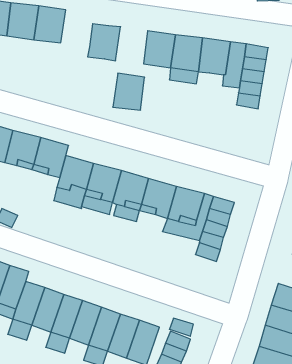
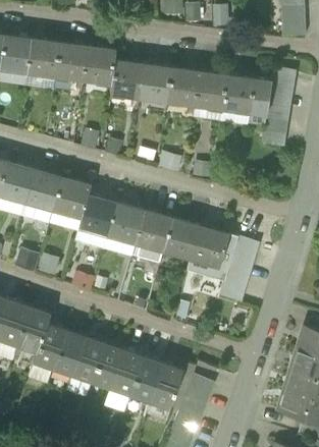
building: none -> [82,46,115,83]
building: [113,73,145,110] -> [138,63,170,101]

